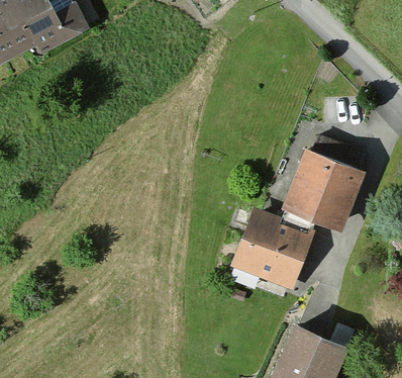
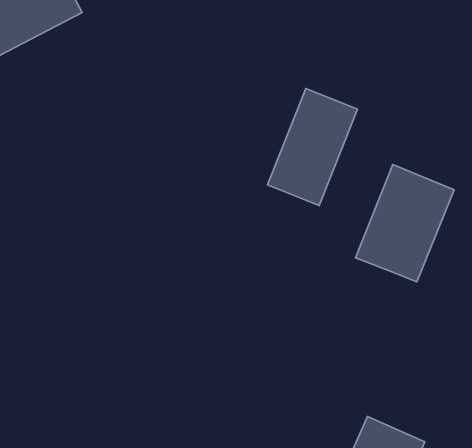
building: none -> [267,89,358,206]
building: [234,209,314,285] -> none

